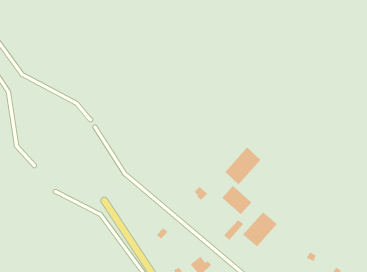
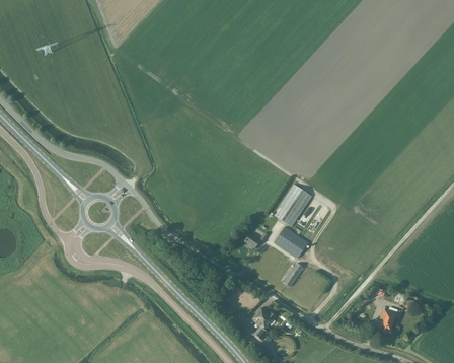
building: [242,211,278,247] -> none

